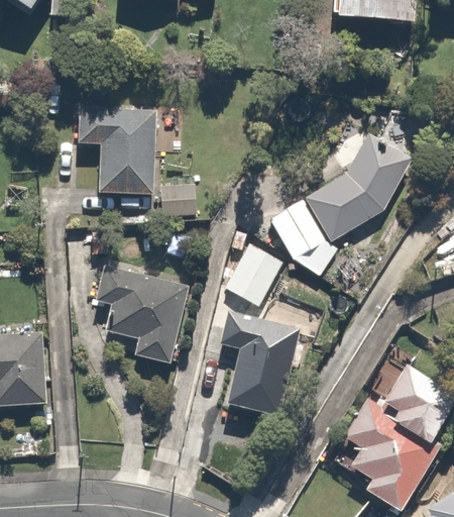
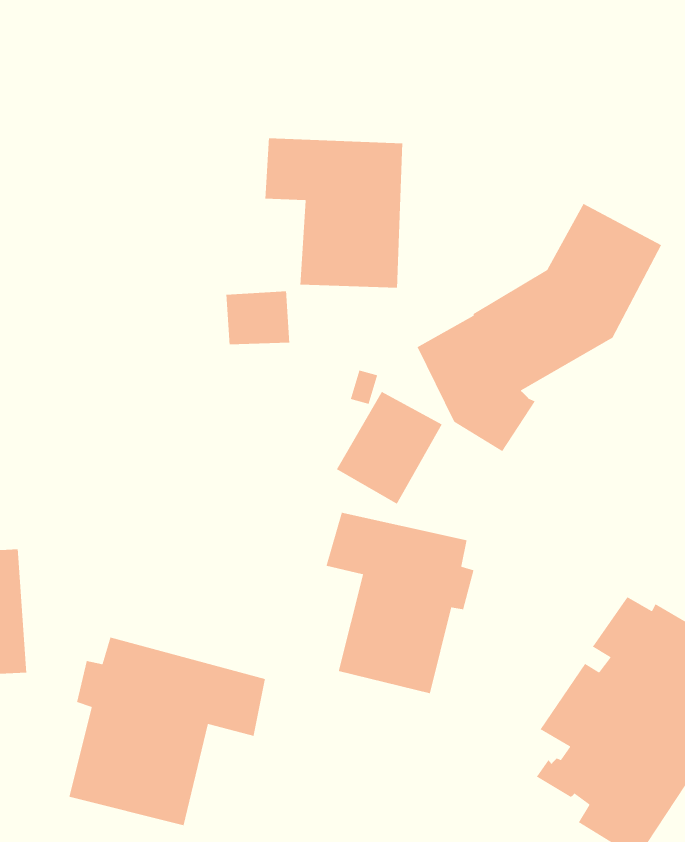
building: [77,107,156,194] -> [264,138,403,289]
building: [94,265,189,364] -> none
building: none -> [68,637,266,826]

